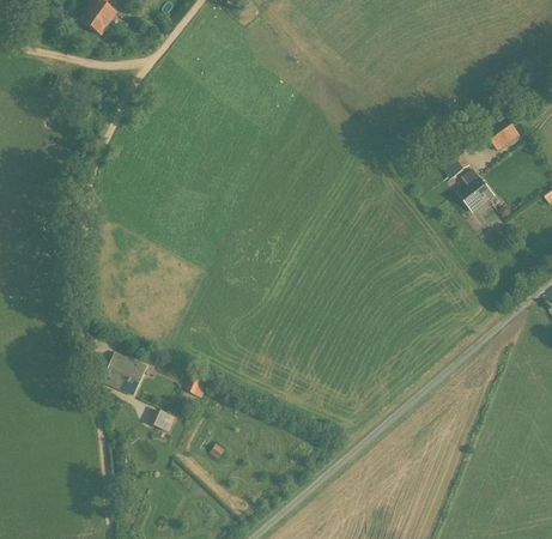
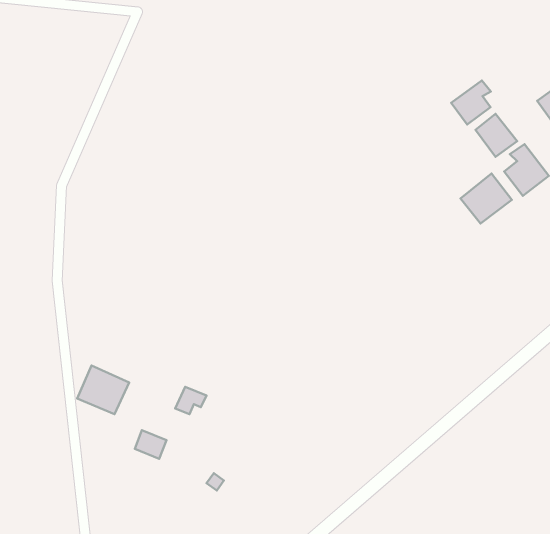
building: none -> [451,80,491,124]
building: none -> [460,173,512,224]

